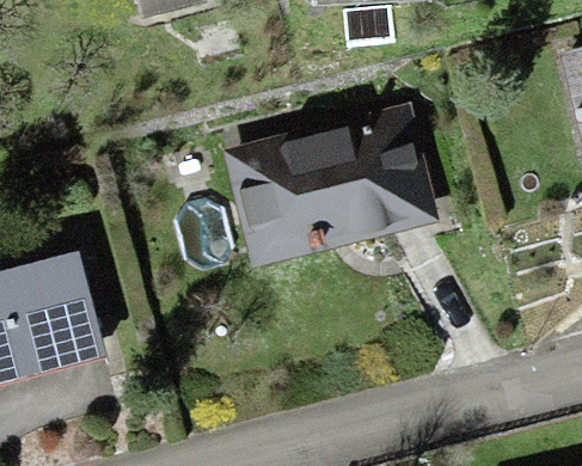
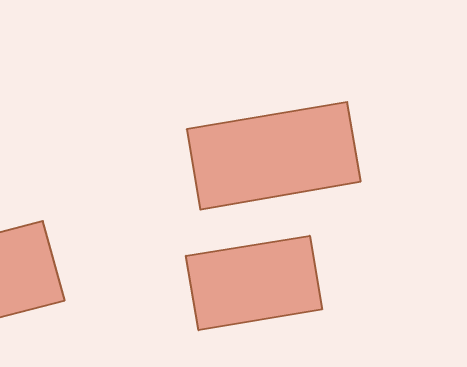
building: none -> [186,236,322,330]

